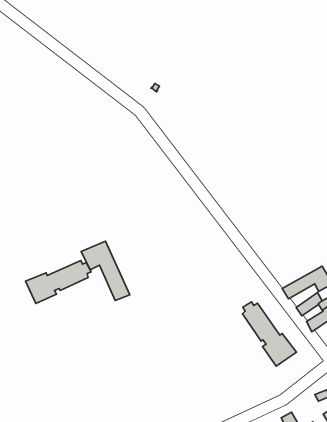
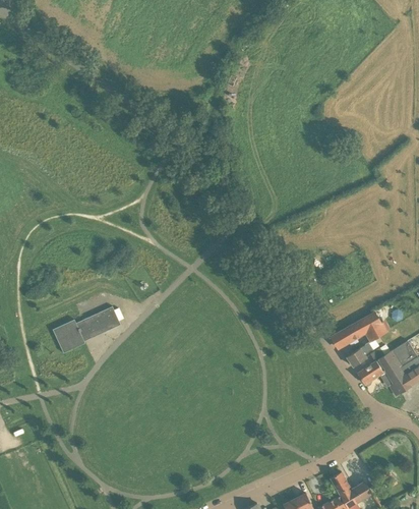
building: [81,241,130,300] -> none
building: [242,302,296,366] -> none

